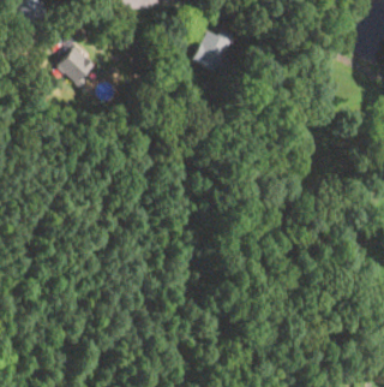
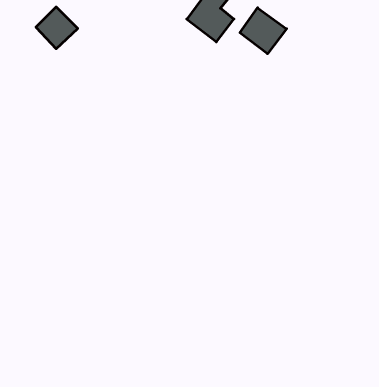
building: none -> [240,8,287,54]

